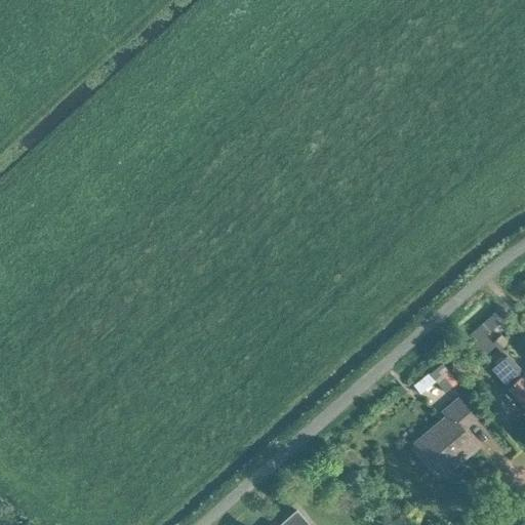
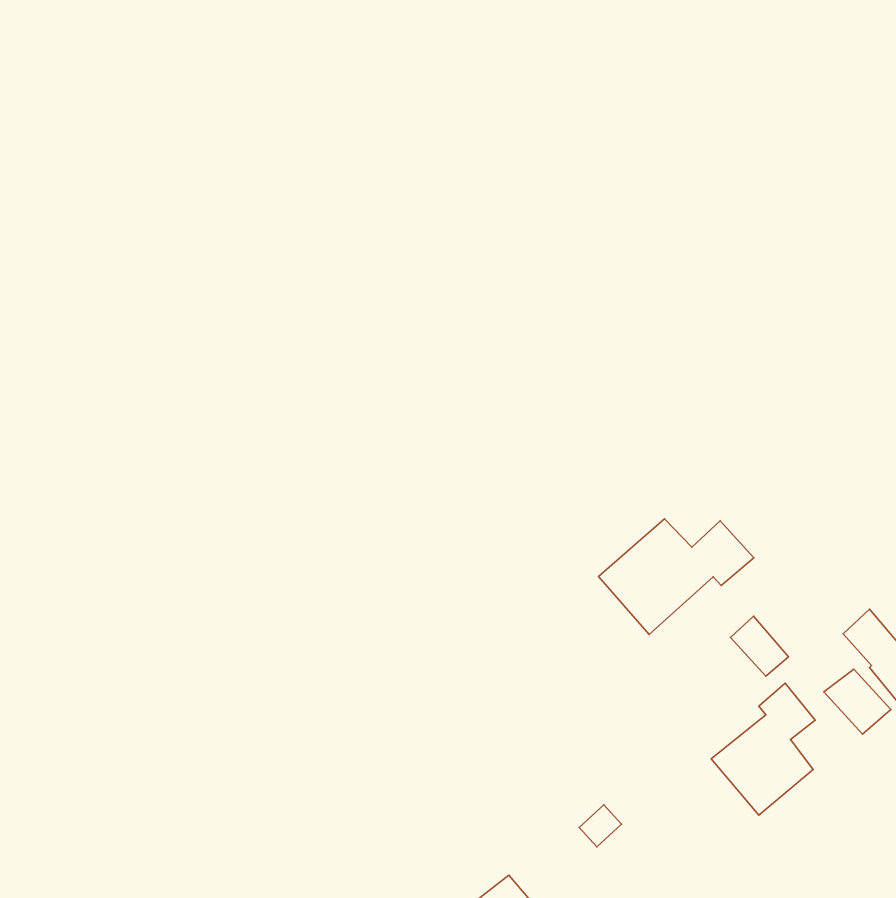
building: none -> [598,519,754,635]
building: [466,309,508,358] -> none

